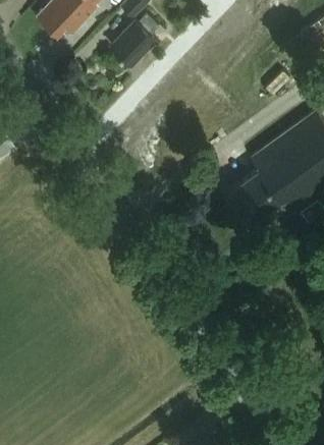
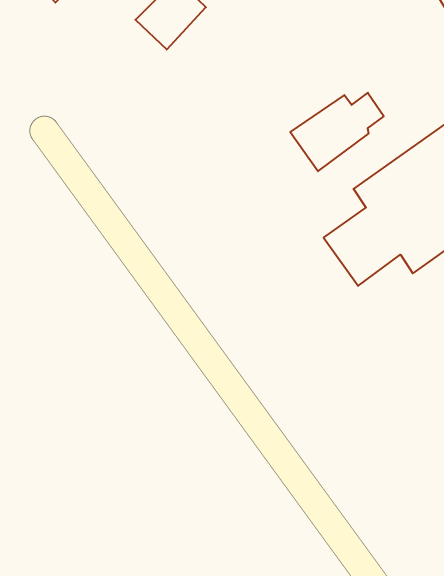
building: none -> [290,93,384,171]

